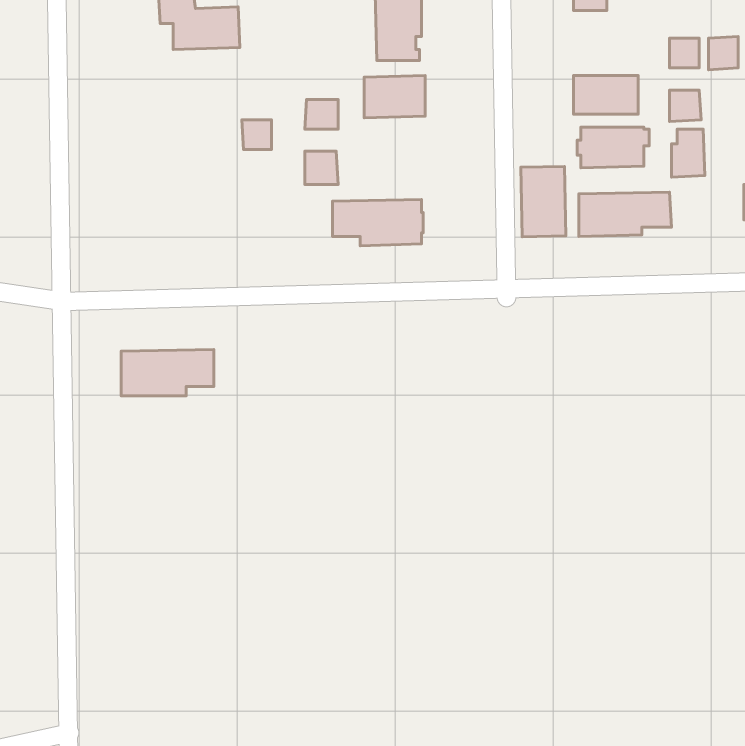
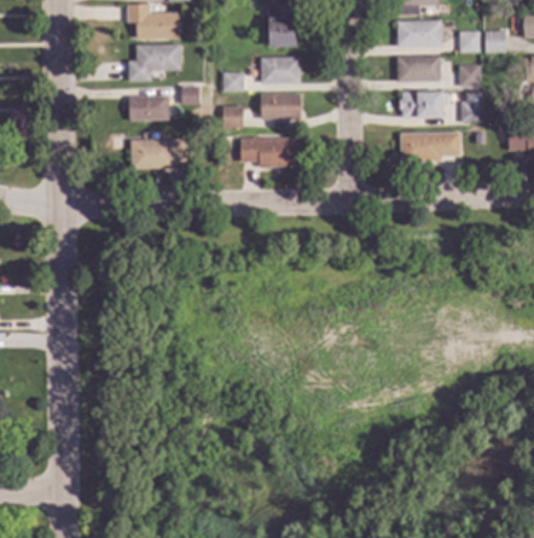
building: none -> [396,19,441,46]
building: none -> [127,42,180,81]
building: none -> [260,92,300,118]
building: none -> [128,94,169,121]
building: [521,166,566,237] -> none
building: [121,349,214,396] -> [129,138,190,168]

